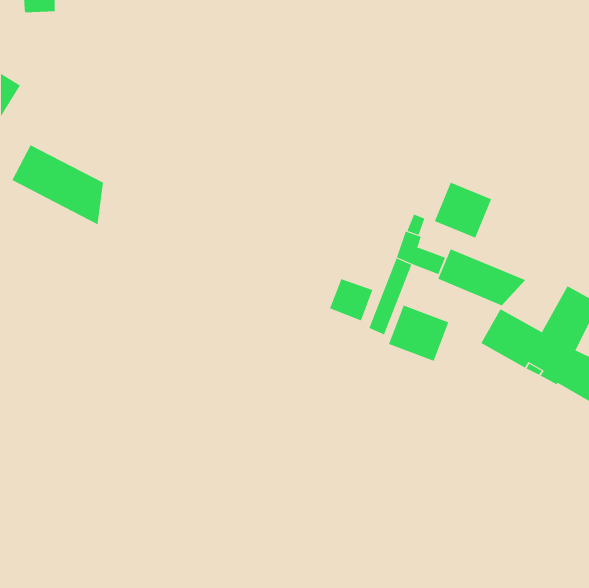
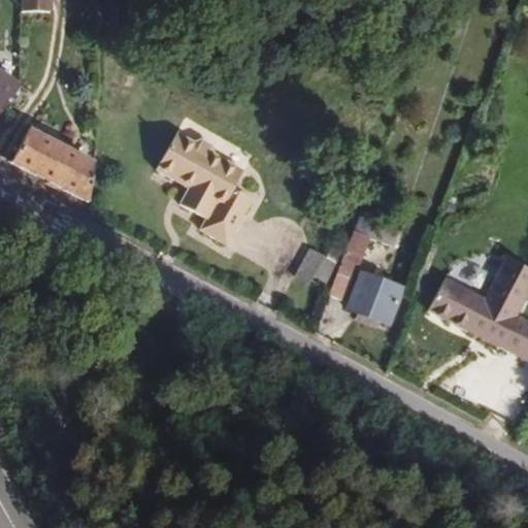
building: none -> [157,132,253,243]
building: [434,182,492,238] -> none
building: [438,248,526,306] -> none

